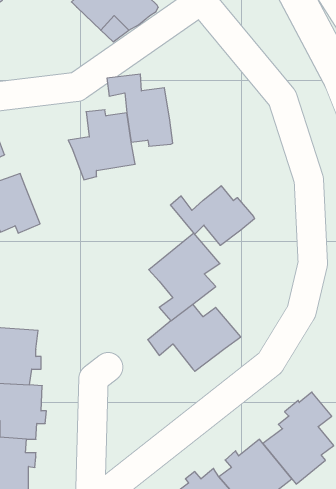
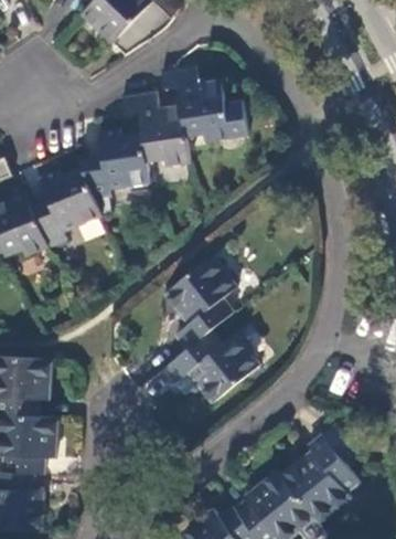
building: none -> [160,65,244,140]
building: none -> [33,168,101,246]
building: [170,186,255,245] -> none

